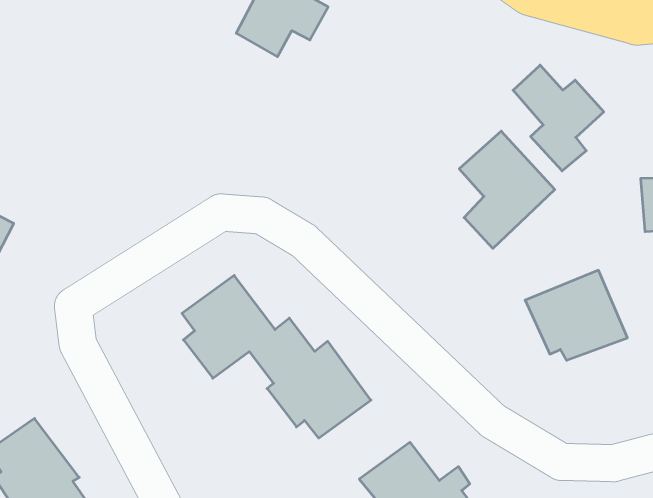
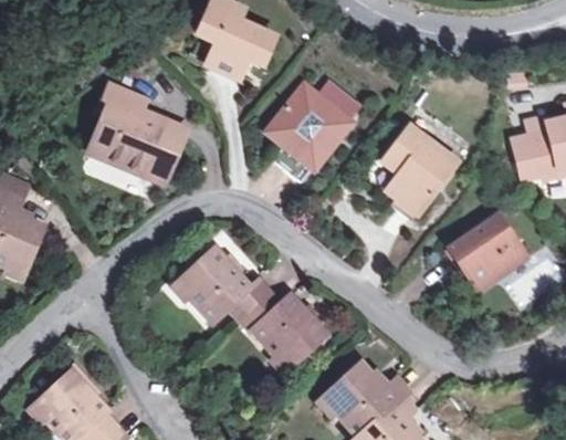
building: none -> [99,84,182,176]
building: none -> [265,69,364,170]
building: [513,65,604,171] -> none

